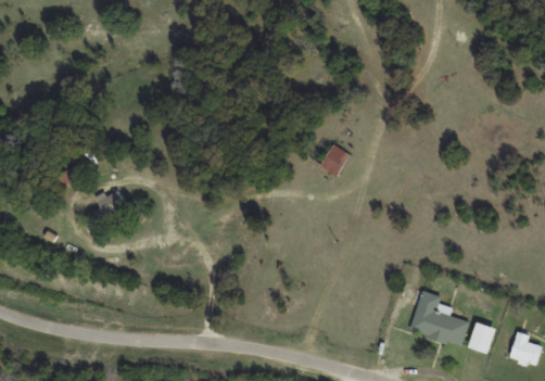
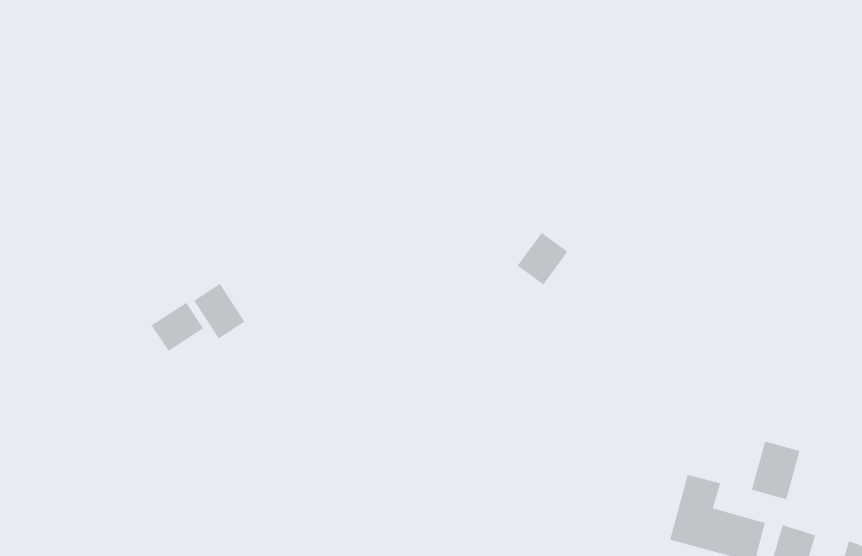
building: none -> [193,283,246,339]
building: none -> [751,440,801,500]

